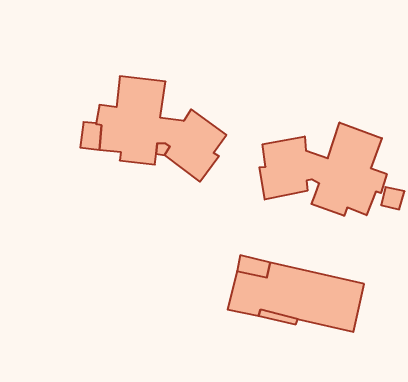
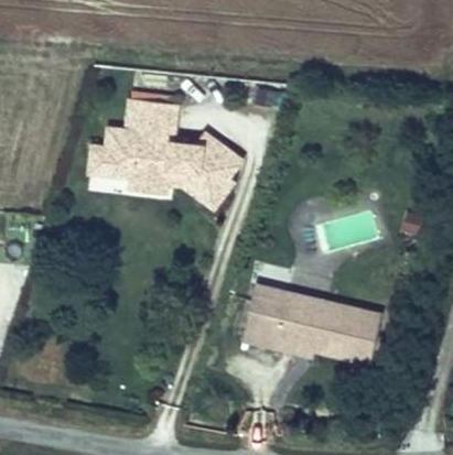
building: [259,122,387,216] -> none

